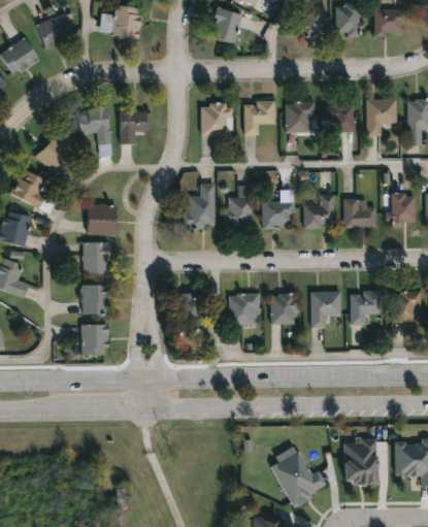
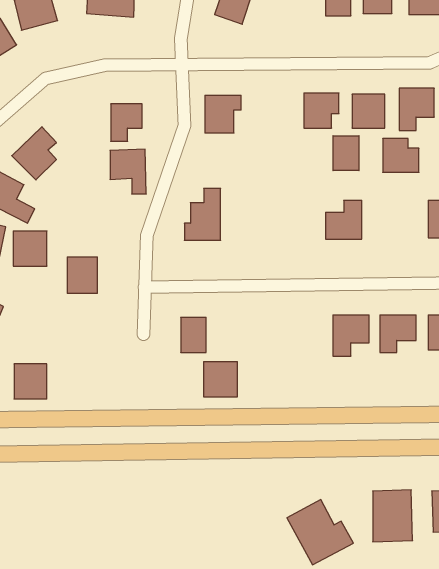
building: [243,101,274,134] -> none
building: [78,108,109,146] -> [110,149,146,194]
building: none -> [333,136,359,171]
building: [224,185,252,227] -> none
building: [343,198,374,227] -> [383,139,419,172]
building: [261,201,292,227] -> none
building: [88,204,117,234] -> [13,231,47,266]
building: [80,284,108,314] -> none
building: [269,293,297,324] -> none
building: [229,294,258,324] -> [204,362,237,397]
building: [79,325,107,355] -> [14,364,47,399]

